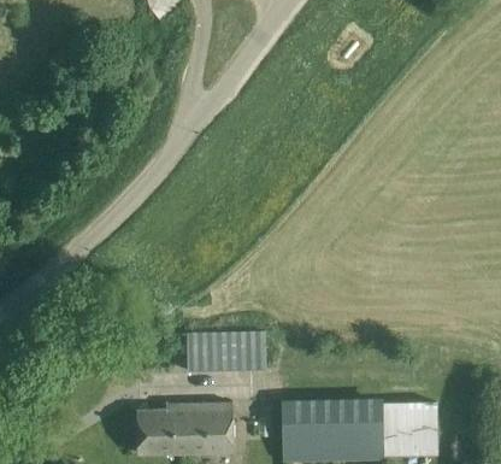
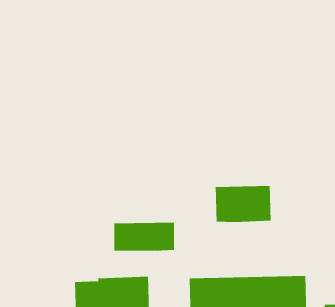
building: none -> [215,185,271,223]

